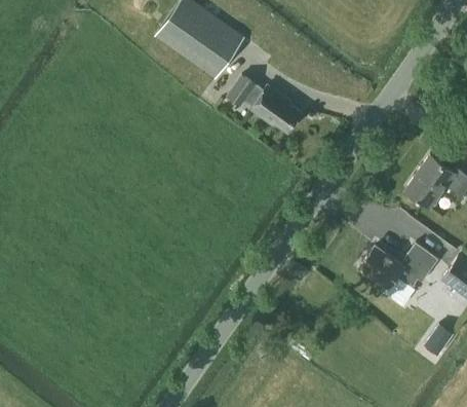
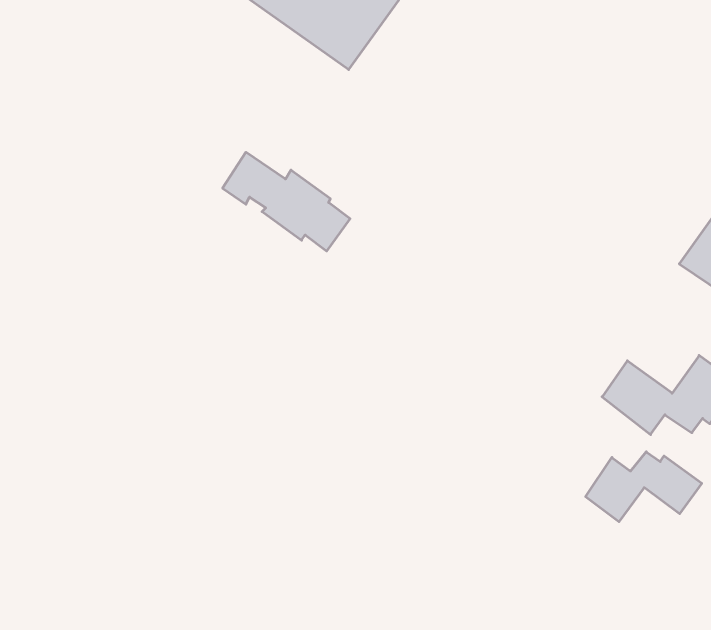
building: [228,76,301,133] -> [223,152,350,251]
building: none -> [586,452,702,522]

